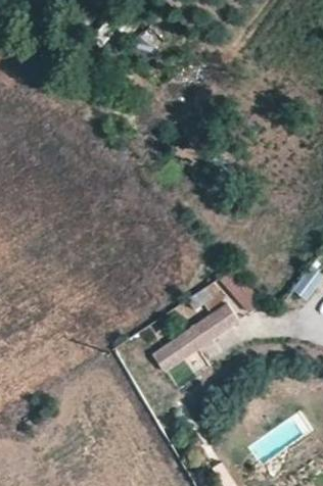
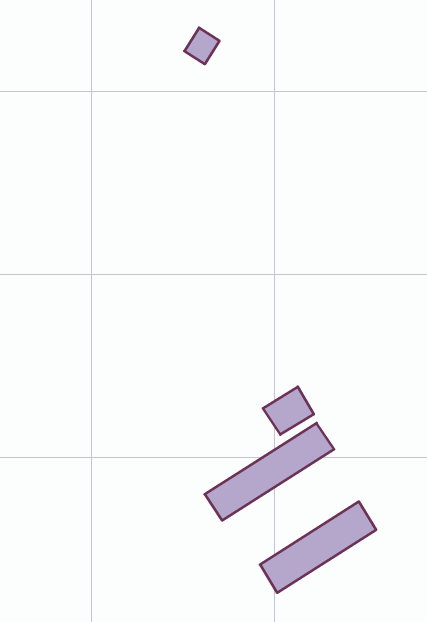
building: none -> [260,502,376,593]

